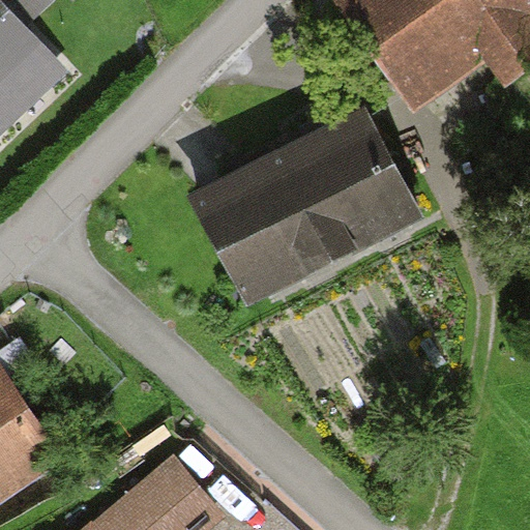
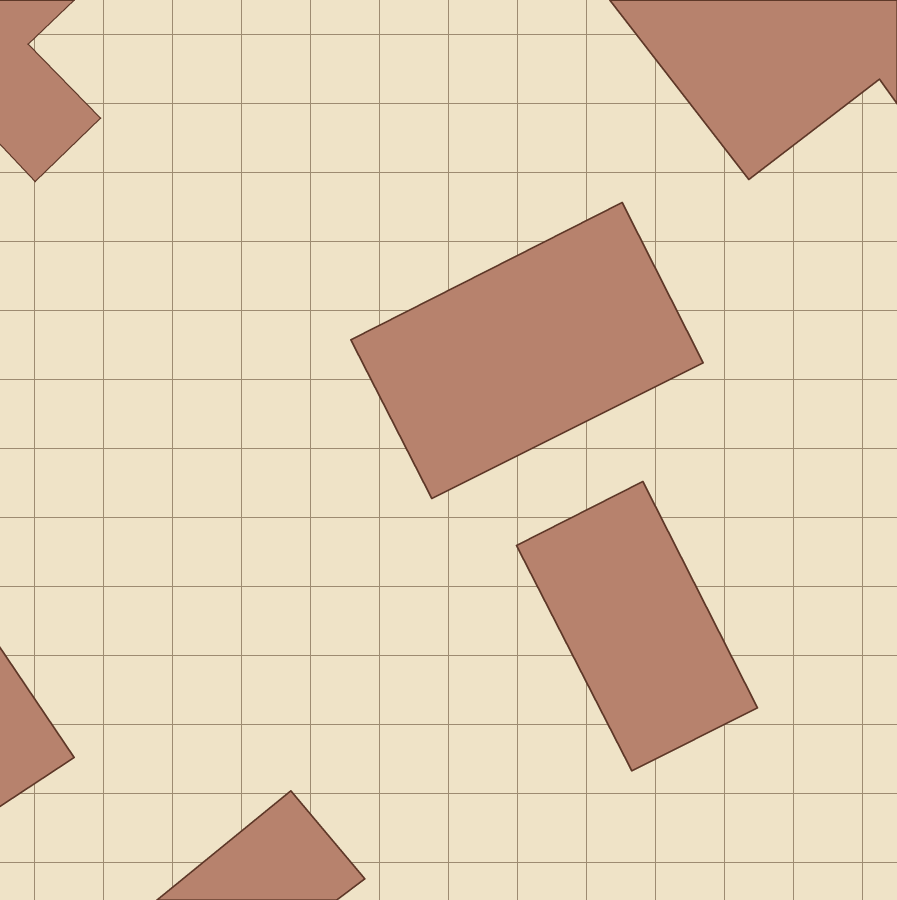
building: none -> [516,481,758,771]

